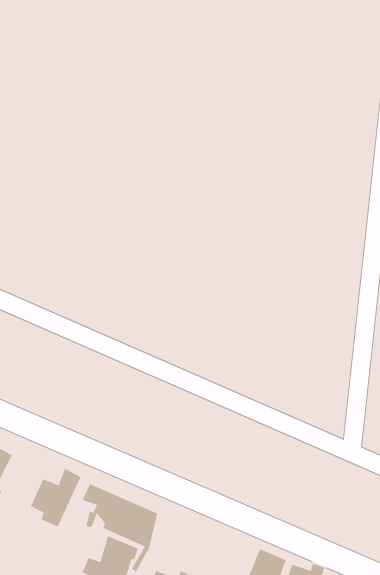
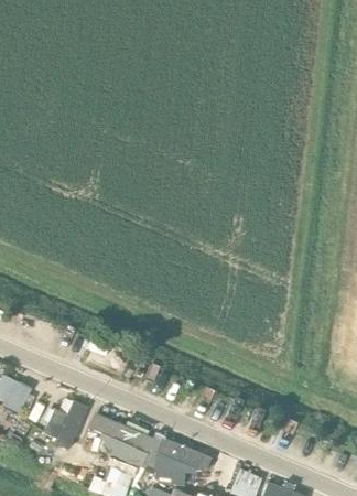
building: none -> [144,432,212,485]

